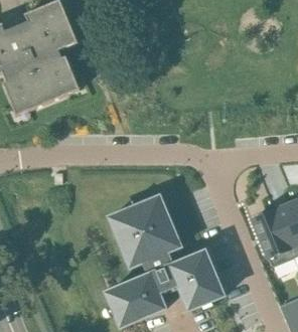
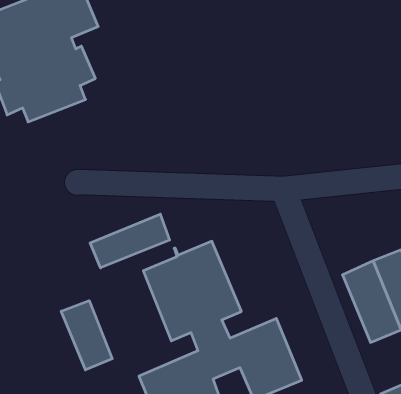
building: none -> [90,214,170,268]
building: none -> [61,301,112,370]

